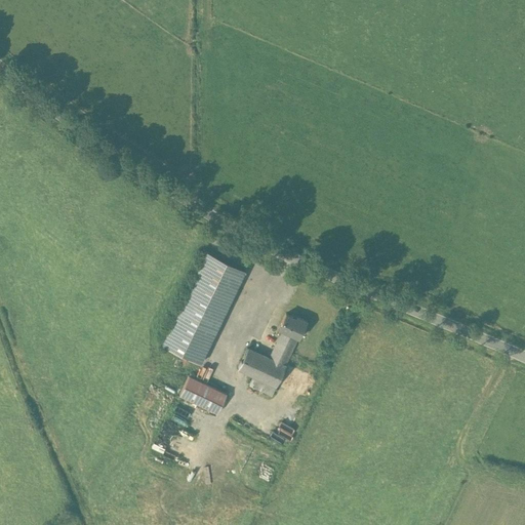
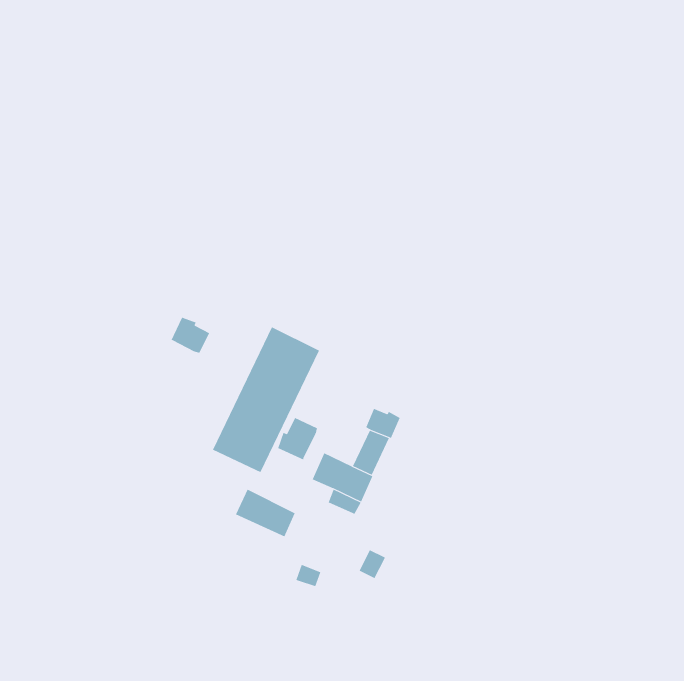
building: none -> [170,317,210,354]
building: none -> [278,417,318,460]

